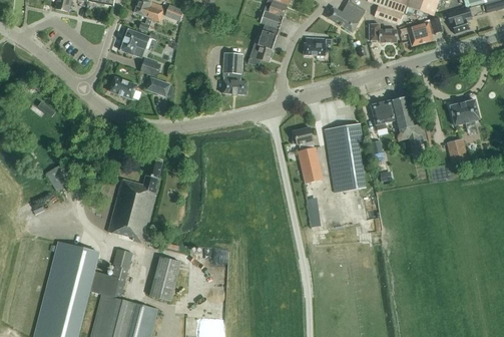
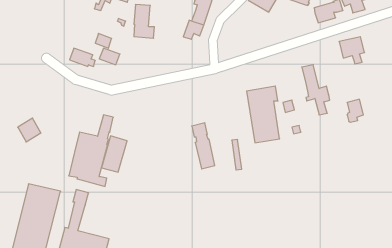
building: [369,23,397,42] -> none
building: [120,28,149,56] -> none
building: [303,37,332,55] -> none
building: [222,53,247,94] -> [134,5,154,38]
building: [370,99,397,129] -> none
building: [449,99,480,132] -> [339,37,365,64]
building: [294,126,322,183] -> [192,123,215,169]
building: [149,256,180,300] -> [102,136,127,172]

